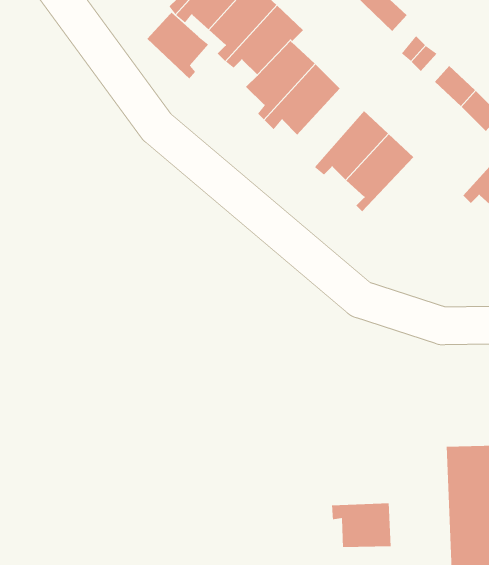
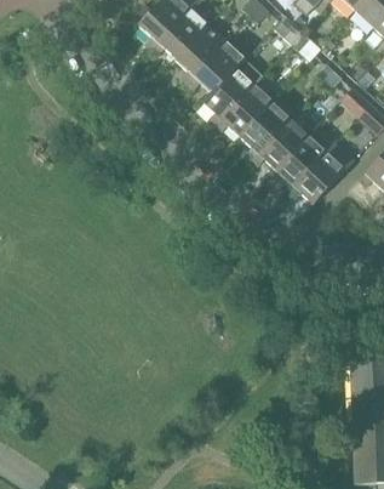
building: [147,12,209,79] -> none
building: none -> [241,102,290,159]
building: none -> [288,142,354,203]
building: [331,503,391,548] -> none

